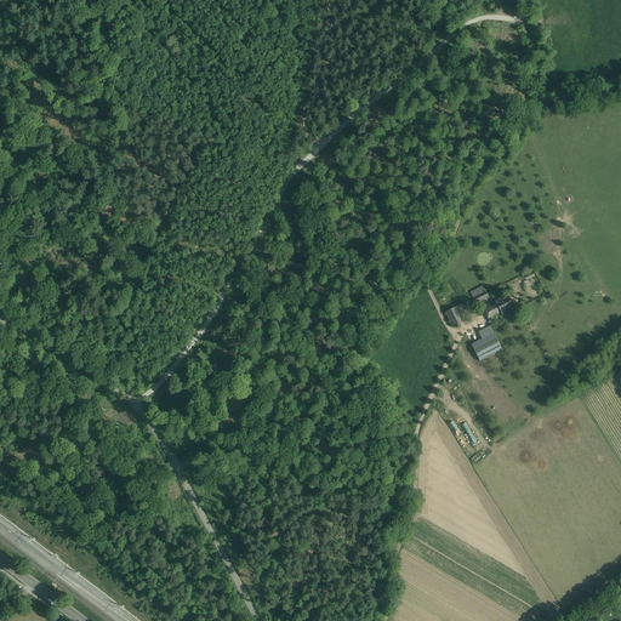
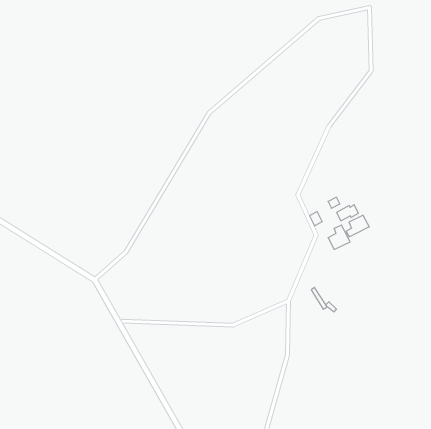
building: none -> [346,215,369,237]

